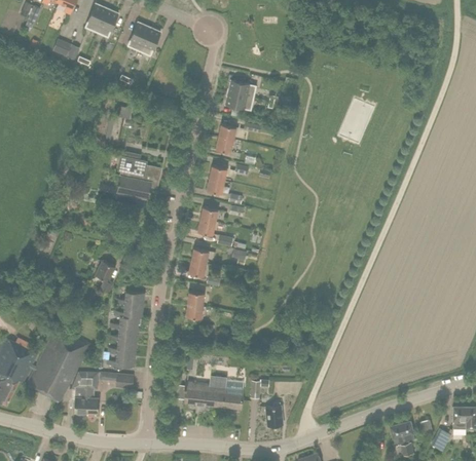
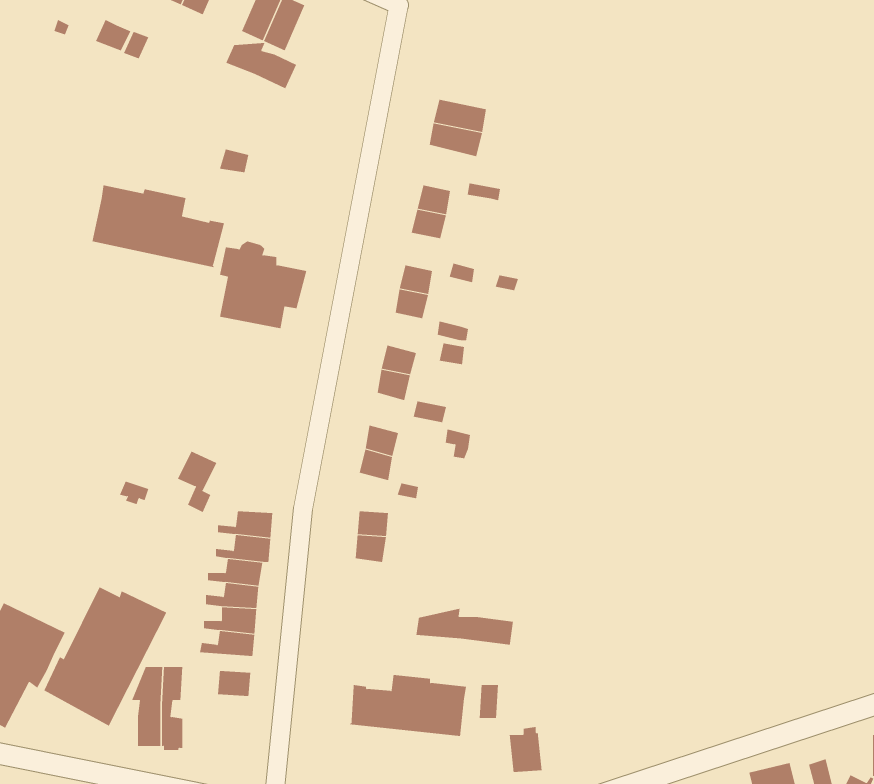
building: none -> [226,42,297,89]
building: none -> [92,185,225,268]
building: none -> [416,608,513,646]

